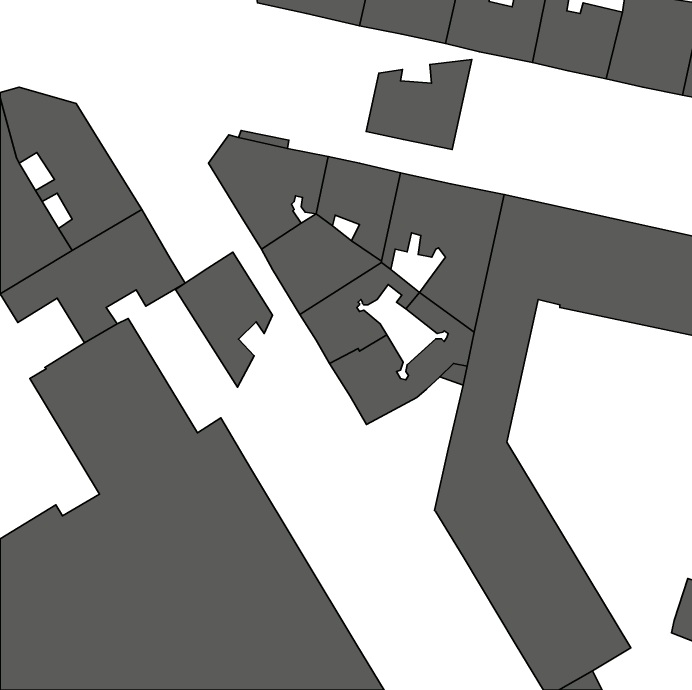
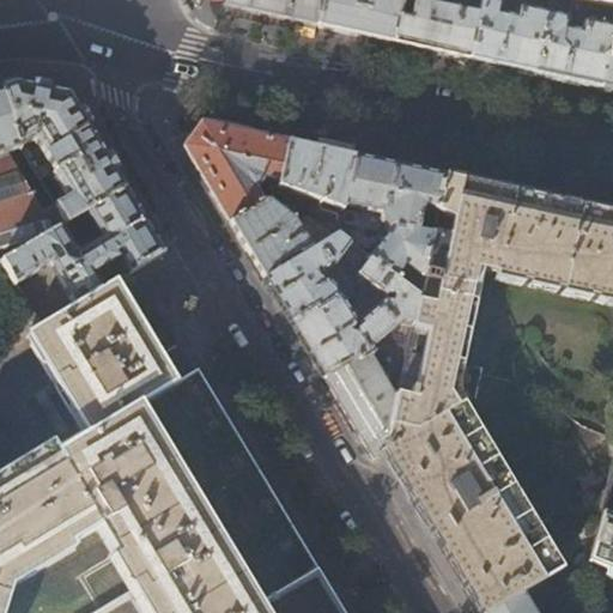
building: [366,59,472,149] -> none
building: [176,252,273,387] -> none
building: none -> [326,342,397,456]

